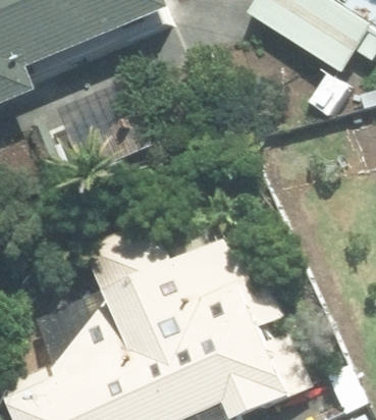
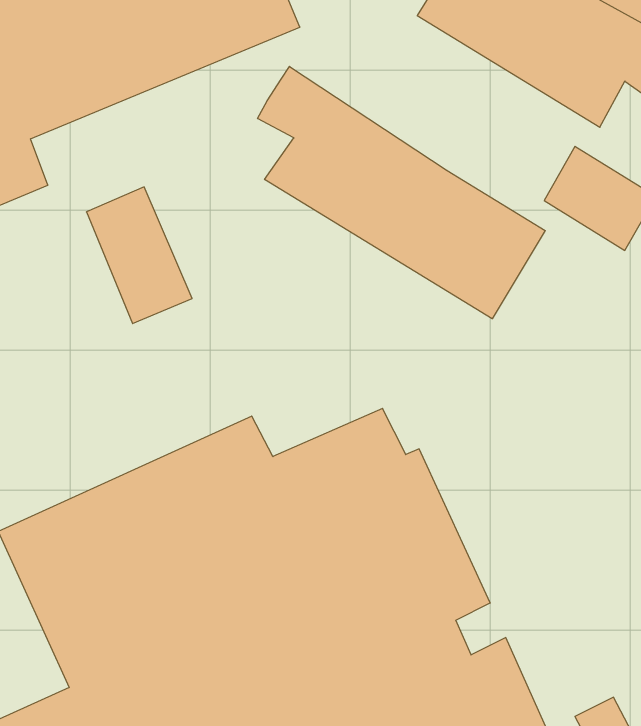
building: none -> [258,66,545,319]

